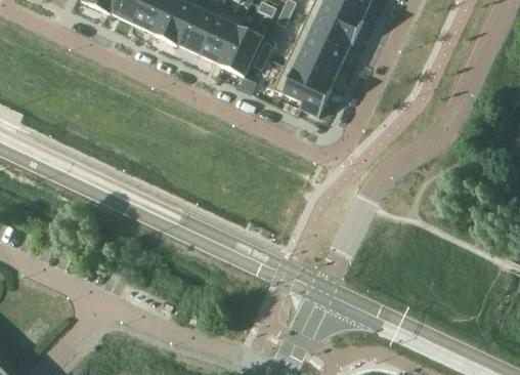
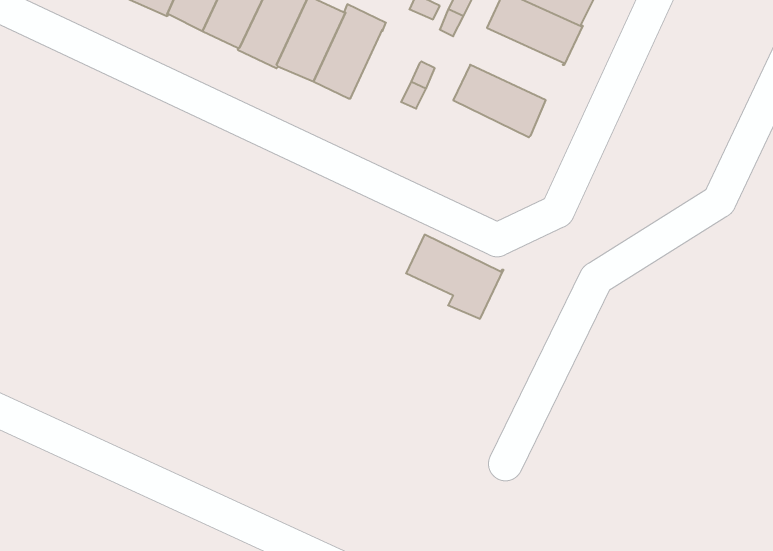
building: [296,20,353,65] -> none
building: [221,22,265,76] -> none
building: [274,65,334,116] -> [406,235,504,319]

